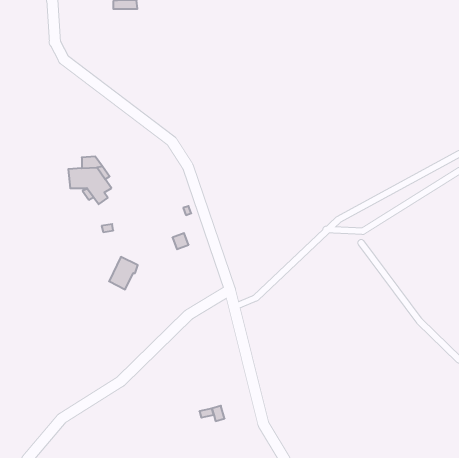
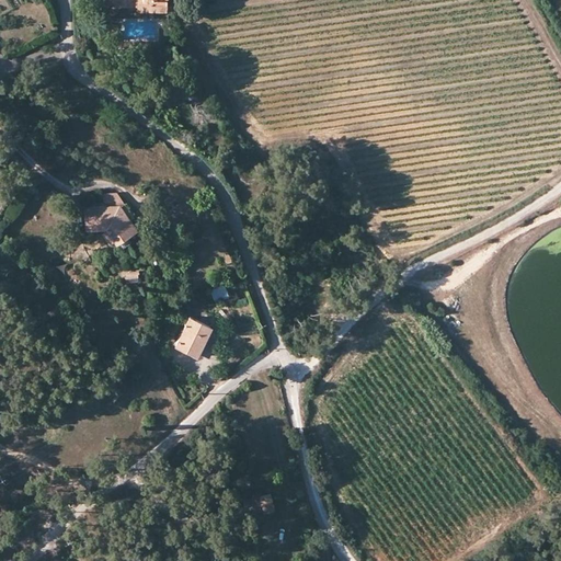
building: [109,257,138,289] -> [174,318,209,357]

